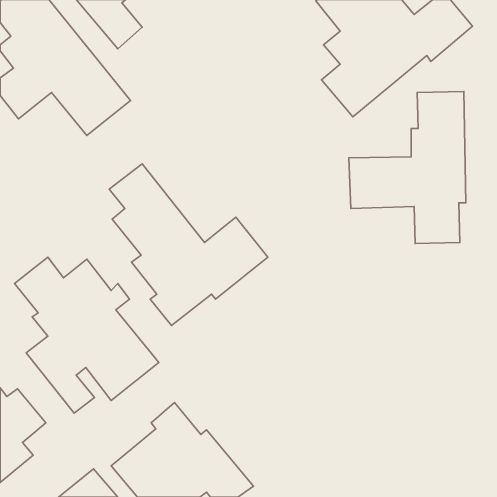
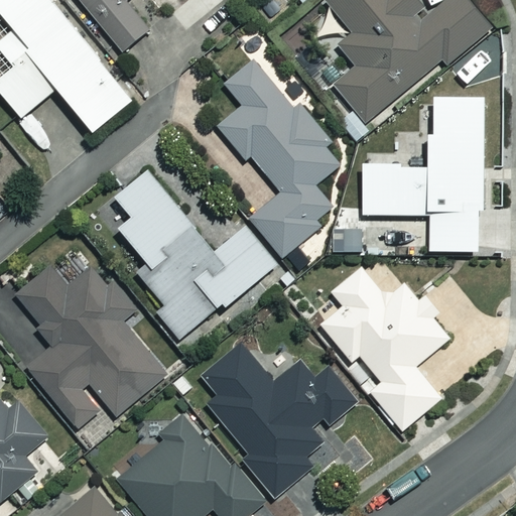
building: none -> [218,60,339,258]
building: none -> [320,266,452,429]
building: none -> [203,345,357,498]

